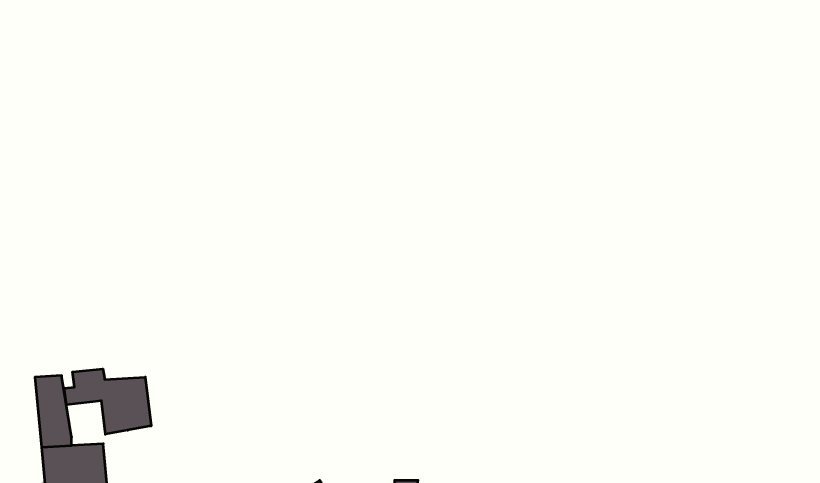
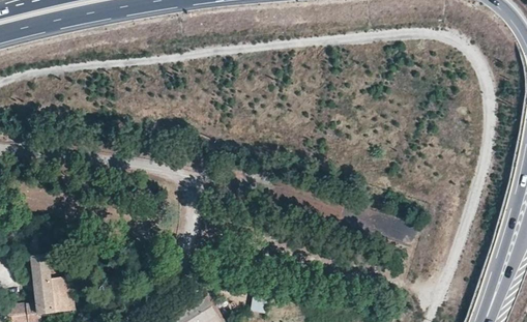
building: [64,369,151,434] -> none

